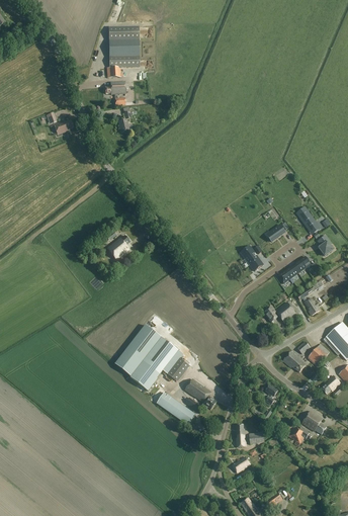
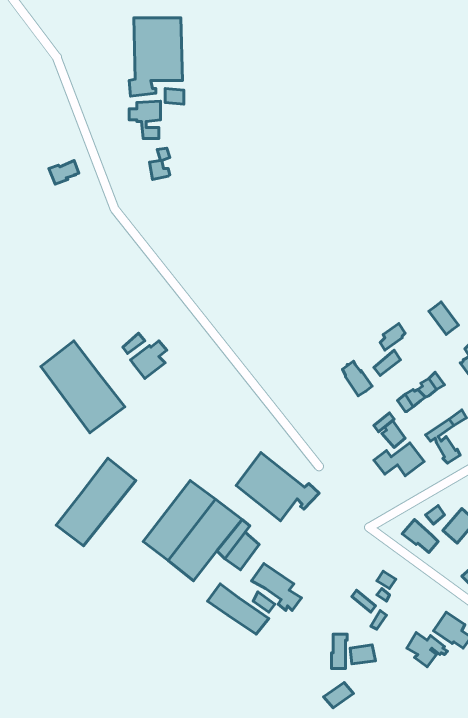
building: none -> [41,341,125,433]
building: none -> [236,453,319,521]
building: none -> [56,458,136,546]

